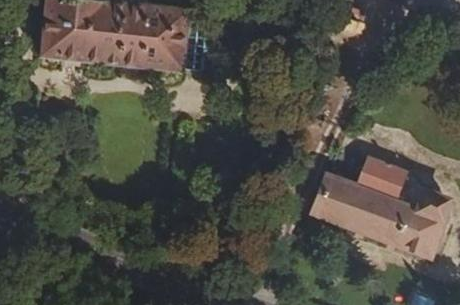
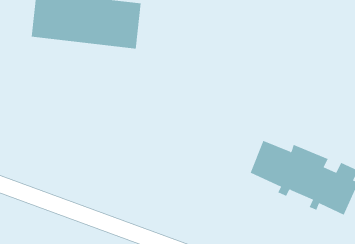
building: [364,150,422,200] -> none

